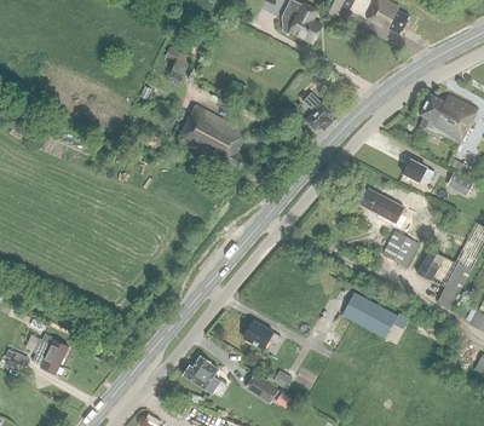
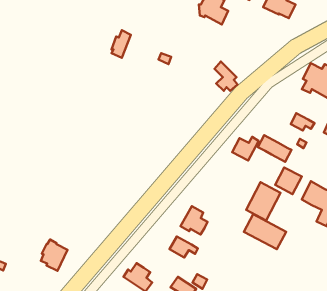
building: [177,104,248,167] -> none
building: none -> [232,137,259,160]
building: none -> [246,182,281,220]
building: none -> [181,206,208,234]
building: [33,333,68,374] -> [41,240,68,271]

